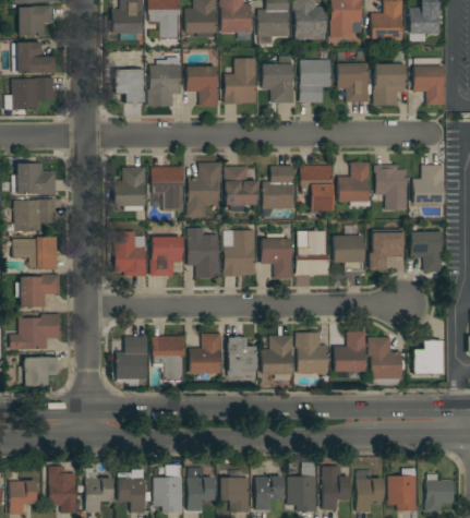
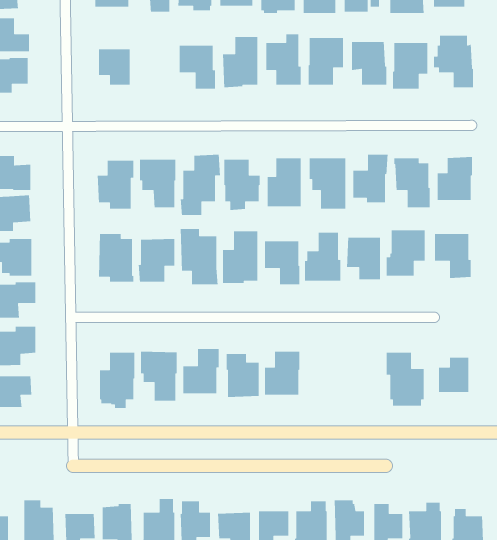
building: [147,64,181,107] -> none
building: [334,332,365,372] -> none
building: [296,333,327,374] -> none

